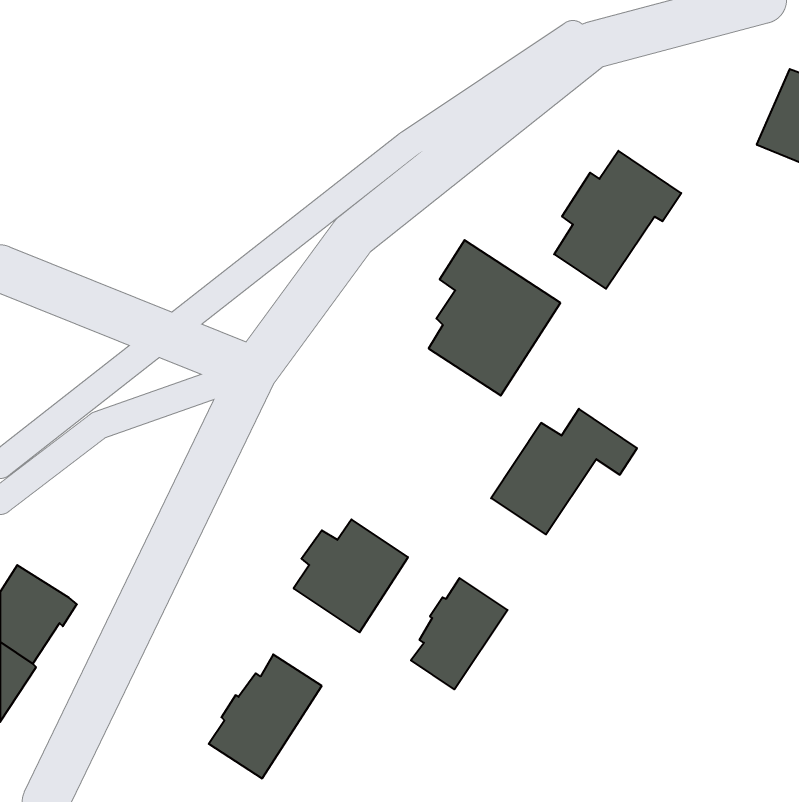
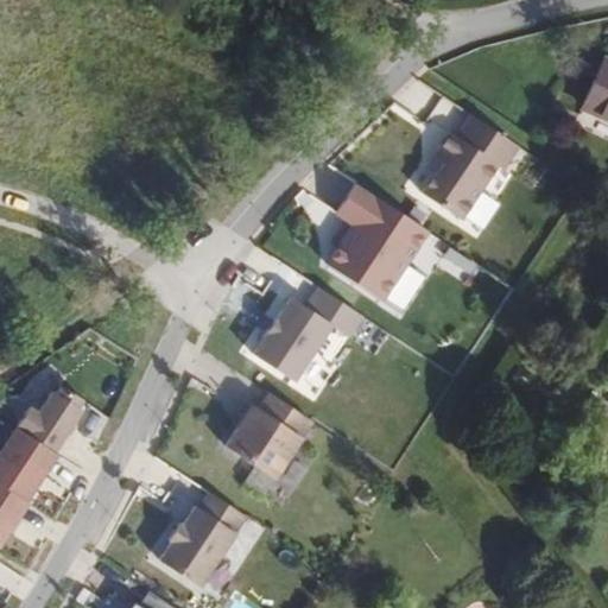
building: [491,409,637,534] -> [252,286,362,381]
building: none -> [15,386,82,452]
building: [411,578,508,689] -> none

